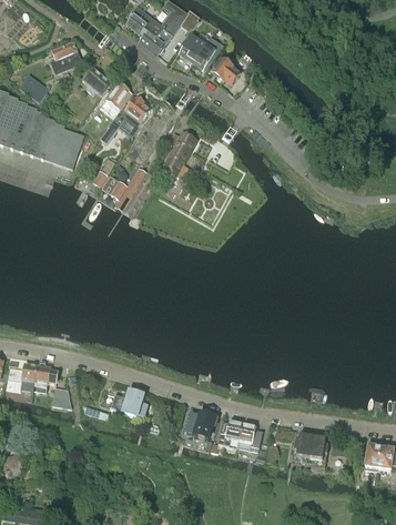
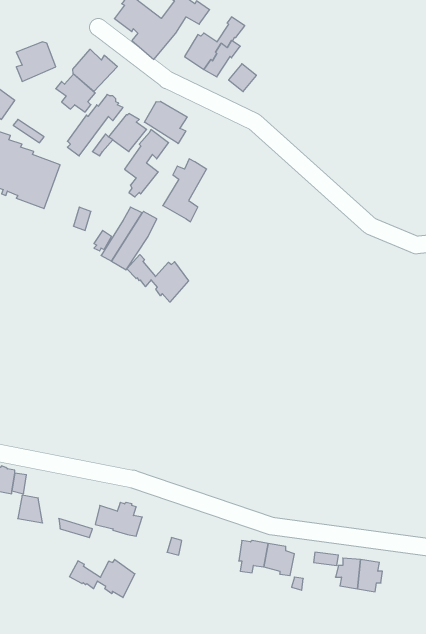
building: none -> [73,49,117,91]
building: none -> [144,101,187,144]
building: none -> [127,255,189,302]
building: [186,413,214,440] -> none
building: none -> [70,559,135,598]

